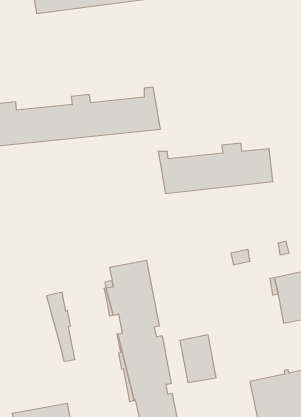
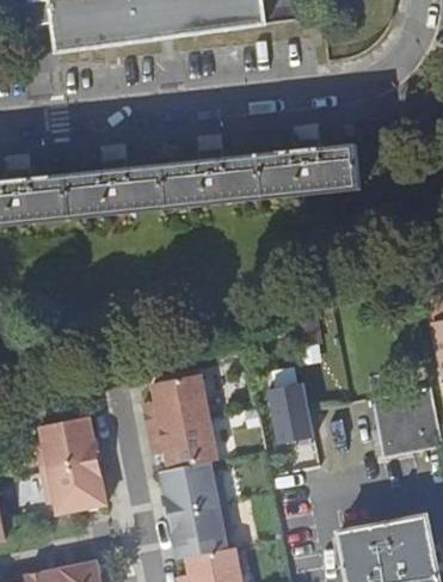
building: [158,143,273,193] -> [209,137,359,203]
building: none -> [36,422,92,515]
building: [180,335,216,382] -> [270,379,318,441]

